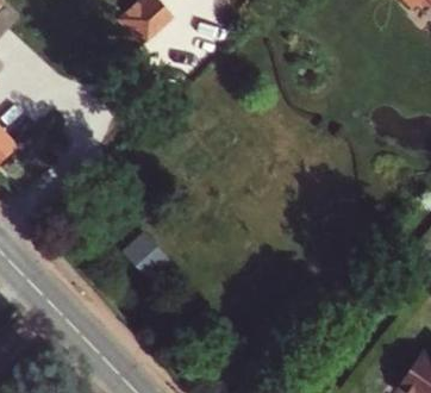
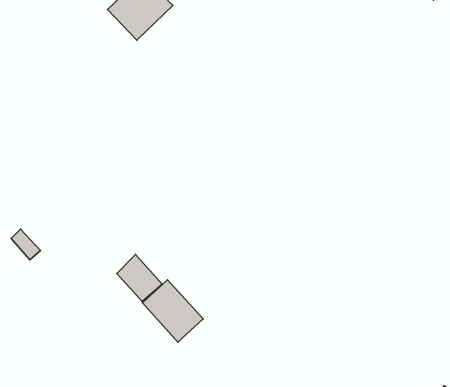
building: none -> [142,280,203,342]

